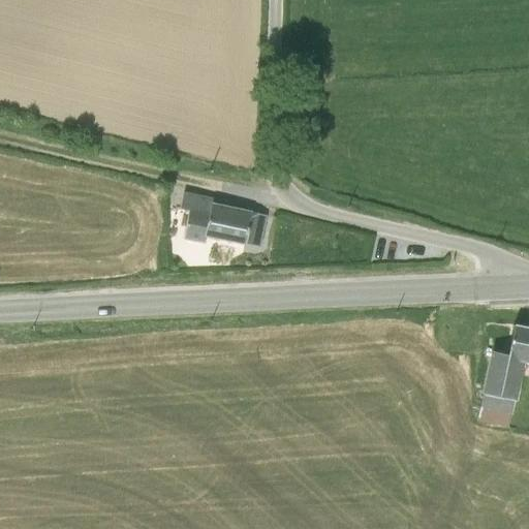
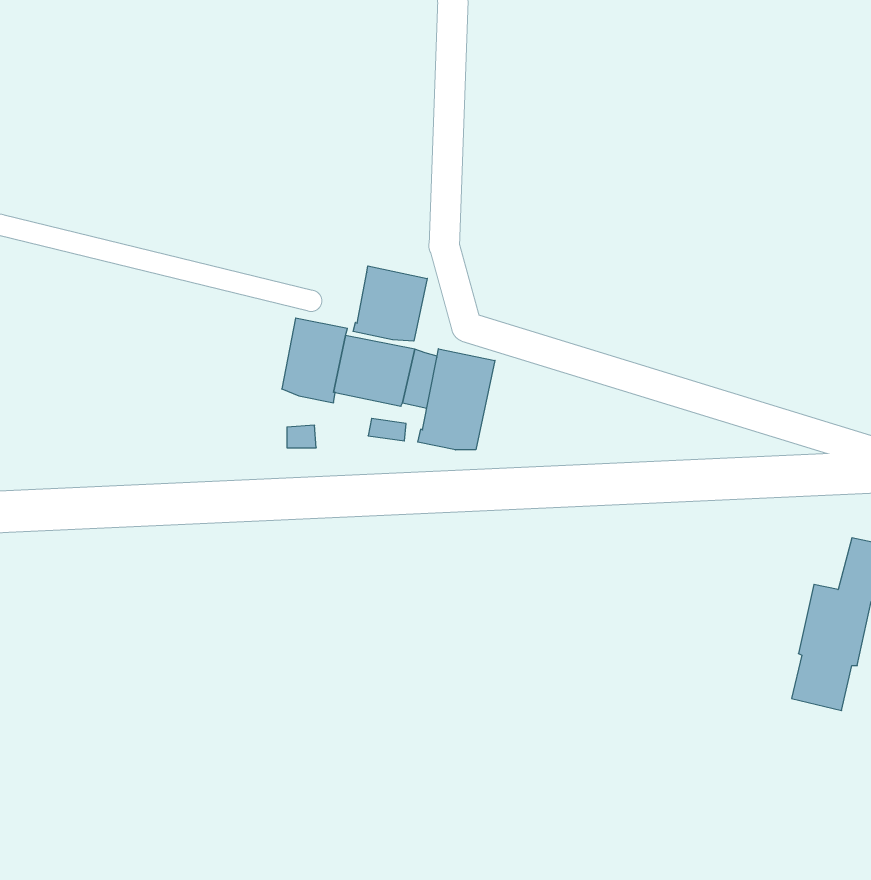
building: none -> [353,266,427,341]
building: none -> [418,349,495,450]

